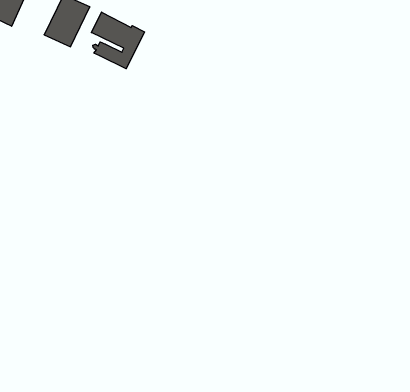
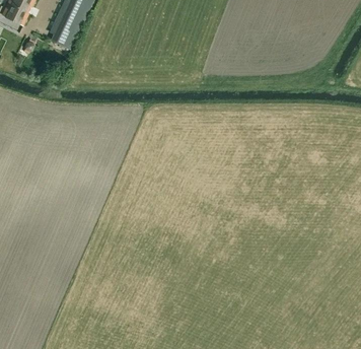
building: [91,12,145,69] -> none

